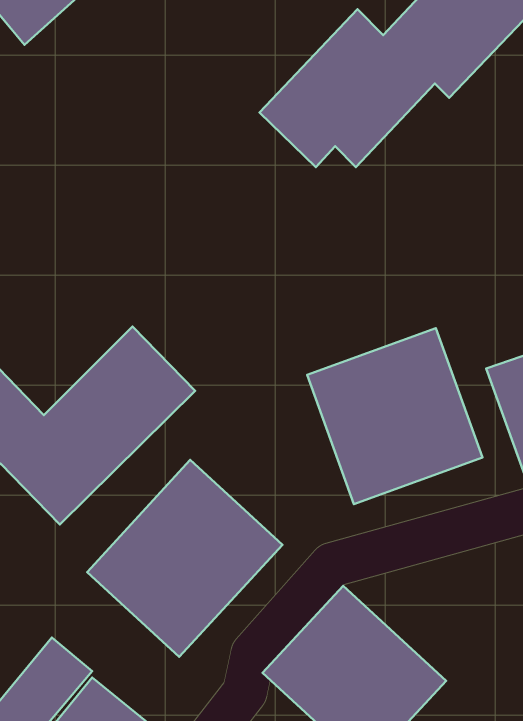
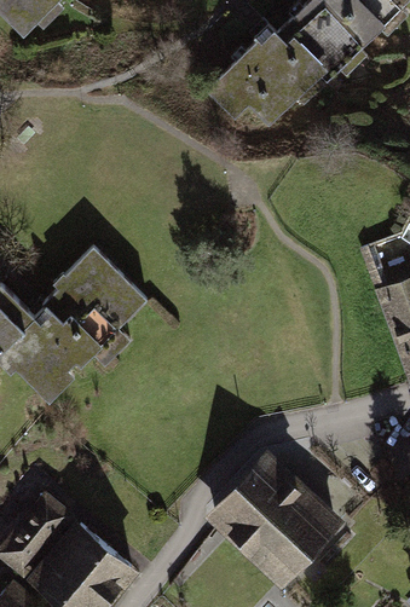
building: [307,328,483,504] -> none
building: [87,460,282,657] -> none

